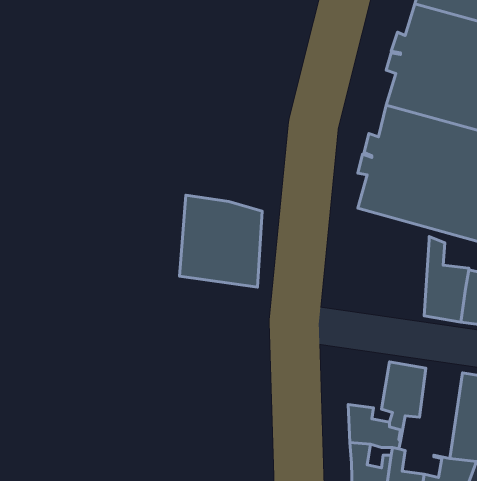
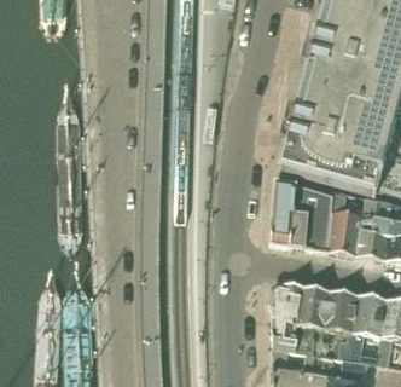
building: [180,195,262,287] -> [271,179,333,249]
building: none -> [272,281,303,320]
building: none -> [326,289,359,358]

